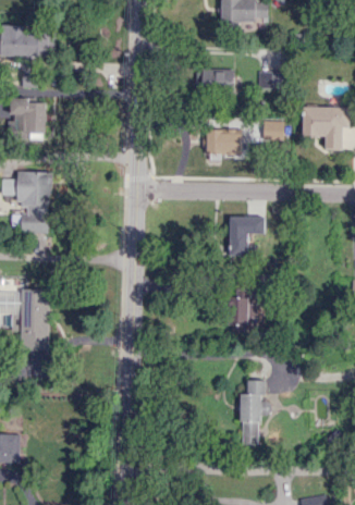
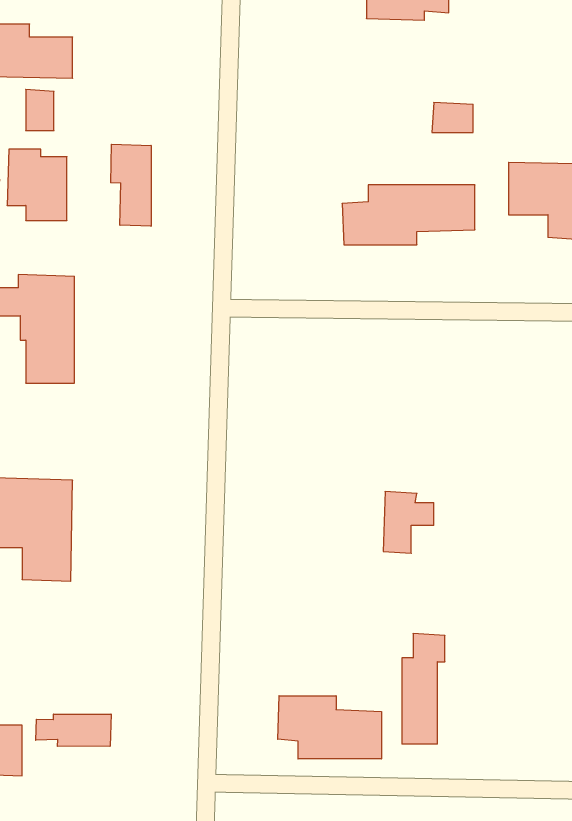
building: [194,69,234,89] -> none
building: none -> [111,144,151,226]
building: [229,217,265,256] -> none
building: none -> [278,696,381,759]
building: none -> [36,714,111,746]

